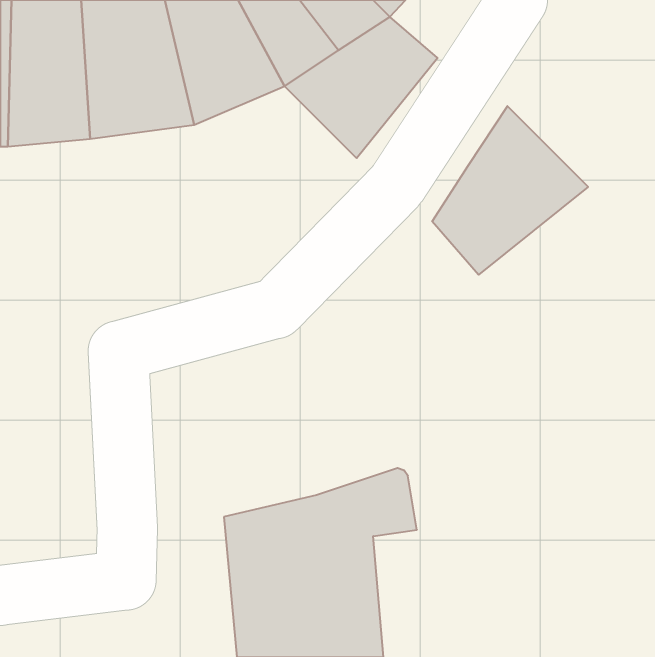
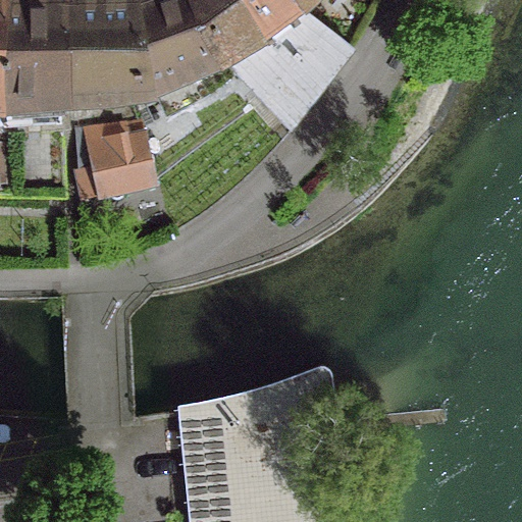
building: [432,106,588,275] -> none
building: none -> [72,120,153,200]

